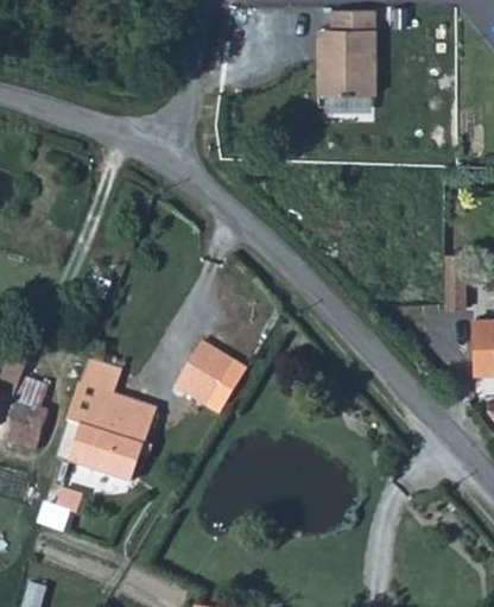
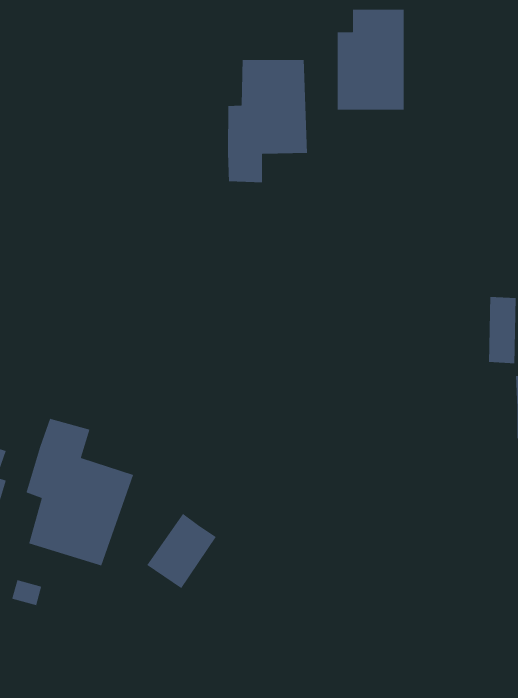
building: none -> [227,59,308,183]
building: [175,339,234,403] -> [146,513,217,589]

